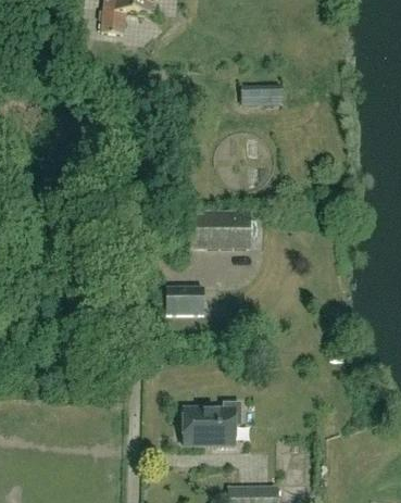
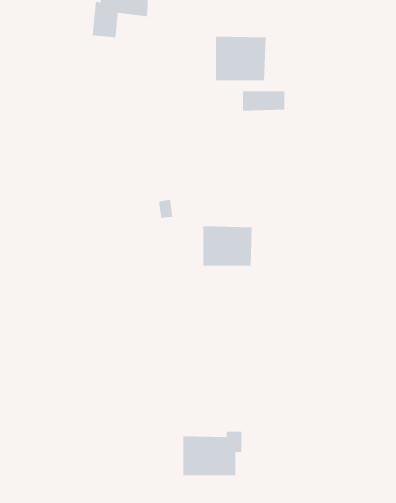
building: none -> [215,36,266,81]
building: [164,288,203,316] -> none

